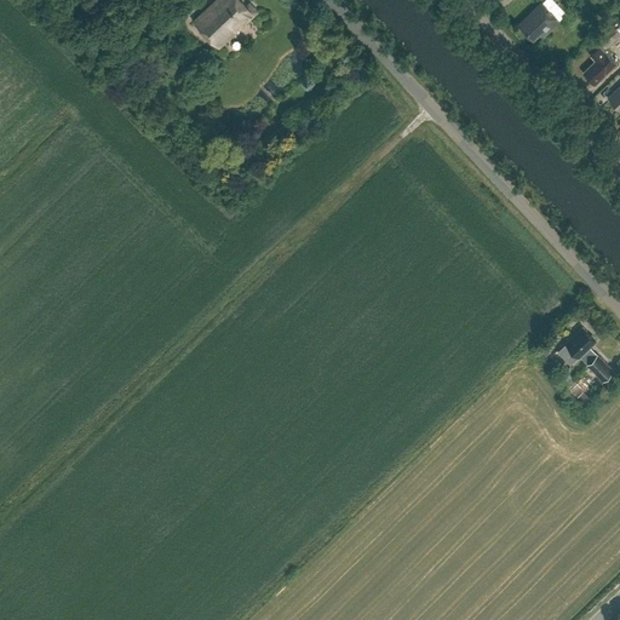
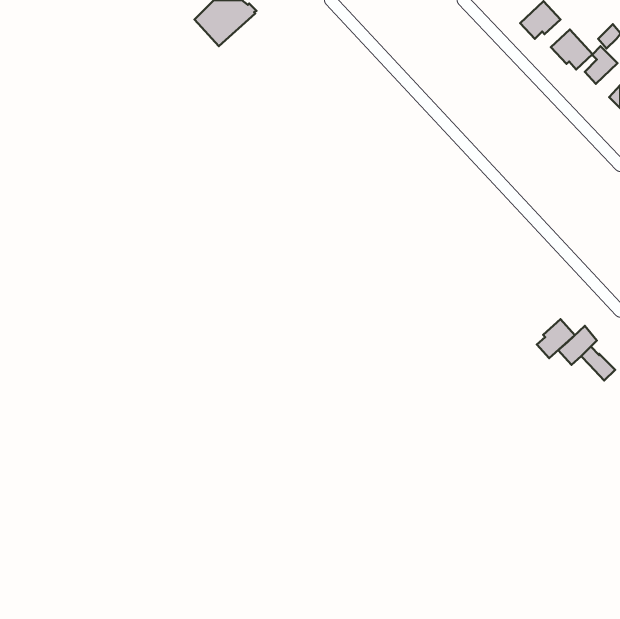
building: none -> [551,30,593,70]
building: none -> [537,319,575,358]

